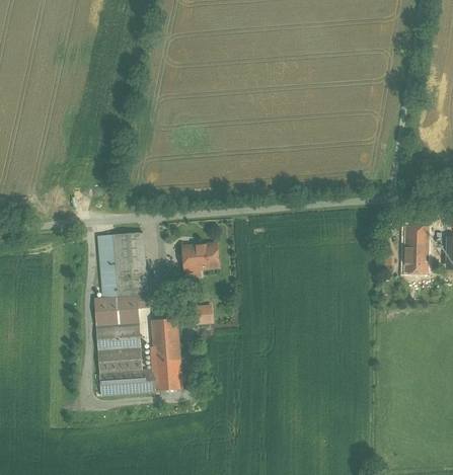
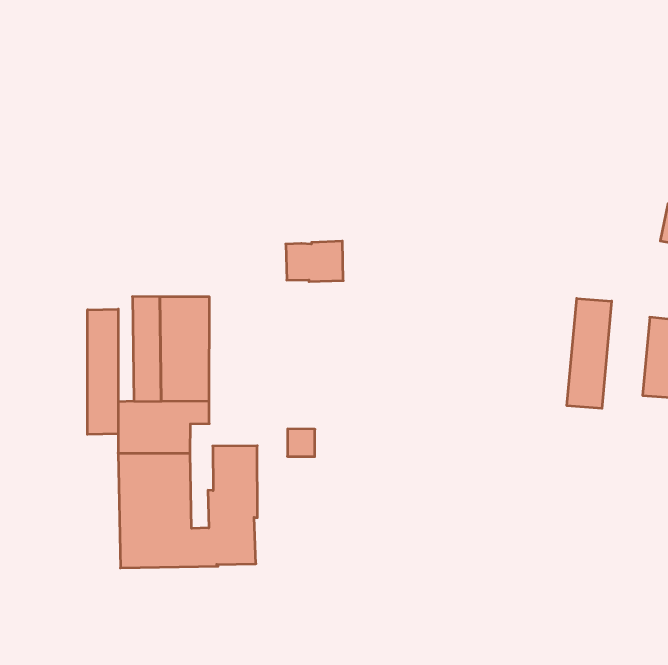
building: none -> [567,298,612,408]
building: none -> [87,309,118,434]
building: [181,243,217,268] -> [286,241,343,282]

